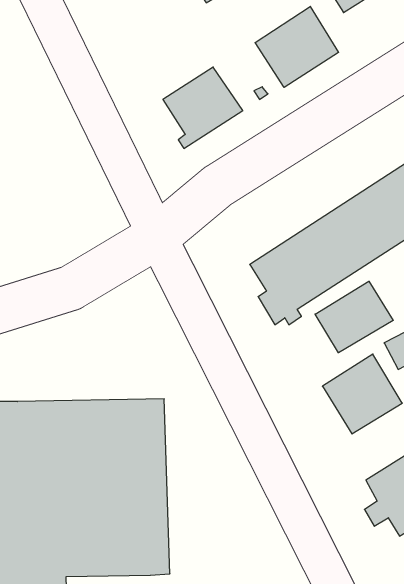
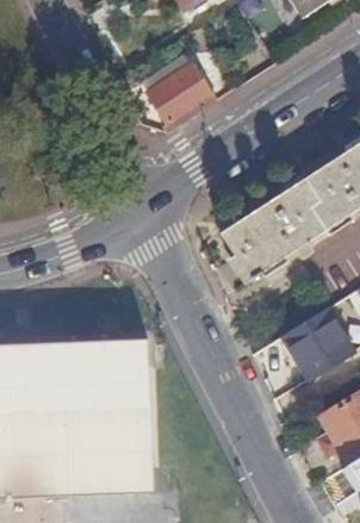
building: [255,6,339,87] -> none
building: [315,281,393,353] -> none

